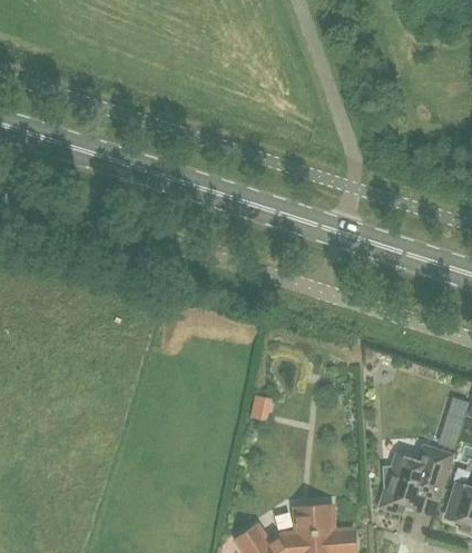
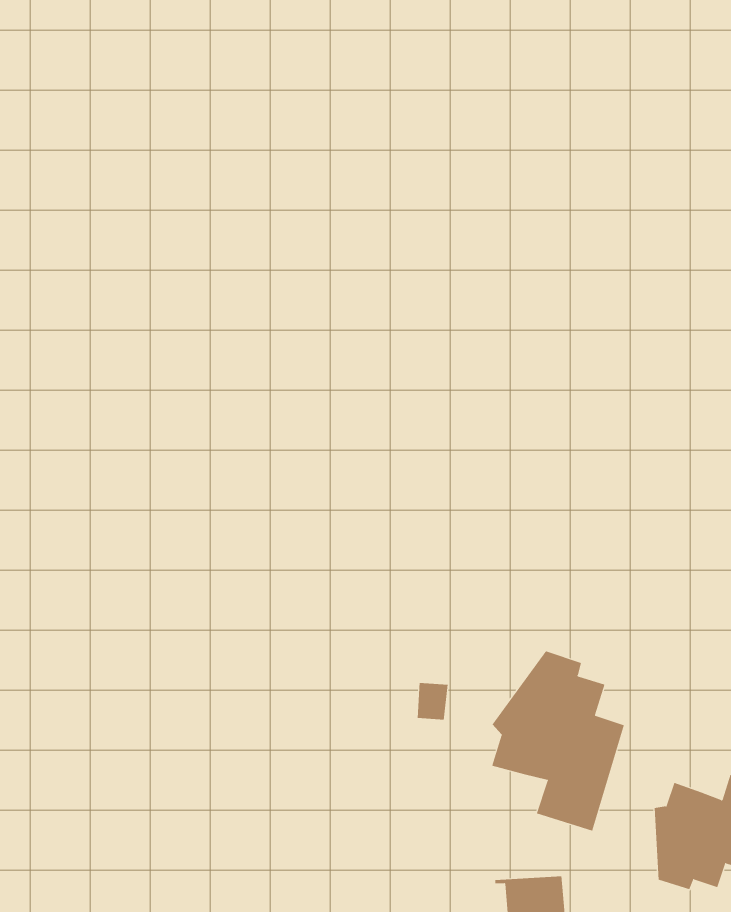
building: none -> [492,651,625,832]

